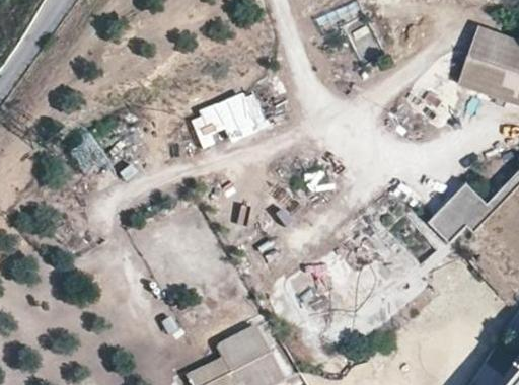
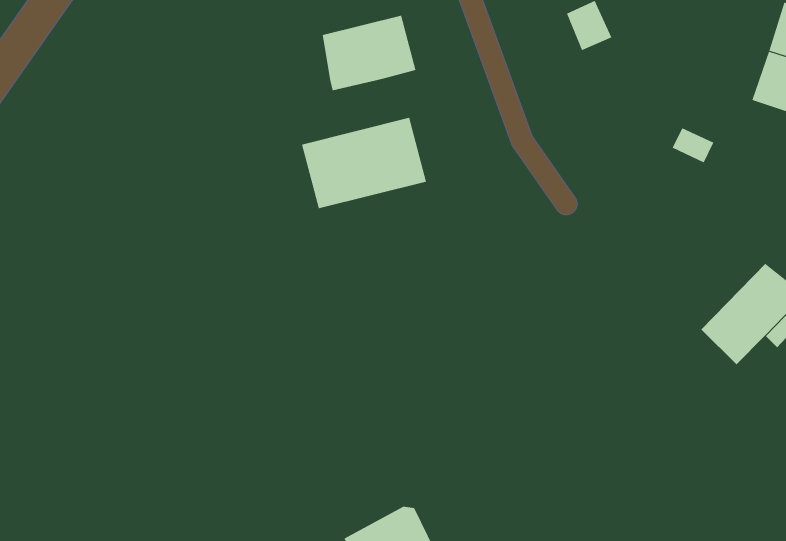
building: none -> [322,15,416,91]

